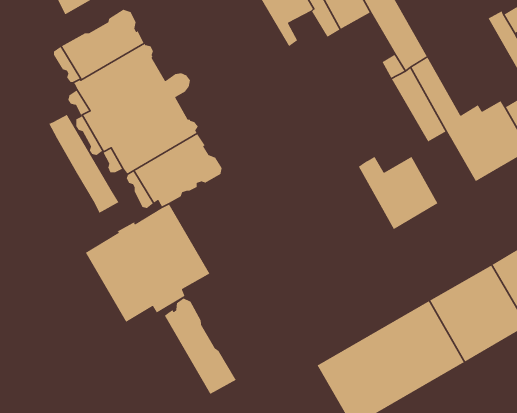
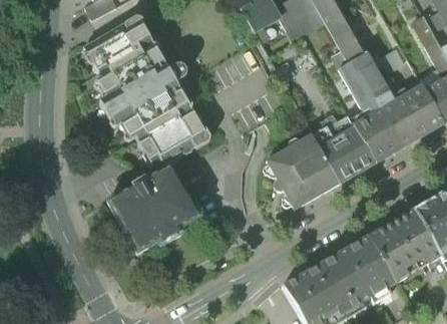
building: [48,114,119,214] -> none
building: none -> [353,108,402,163]
building: none -> [266,133,340,209]
building: [164,297,237,396] -> none

